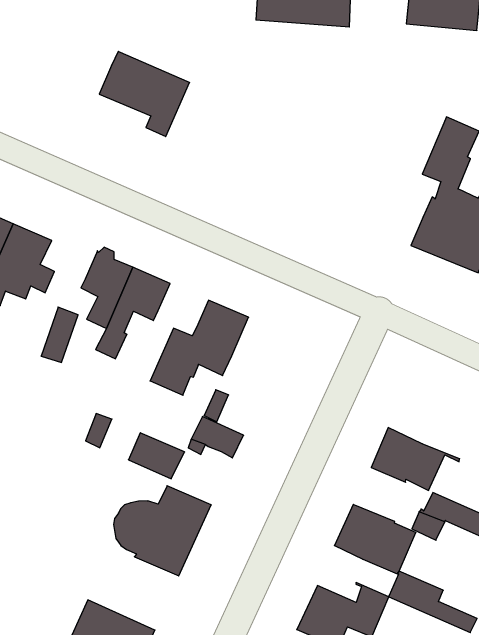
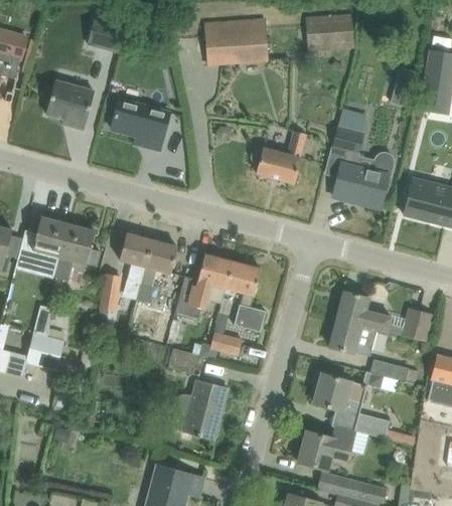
building: none -> [42,79,94,129]
building: none -> [251,130,306,183]
building: none -> [225,261,265,331]
building: none -> [336,291,391,332]

